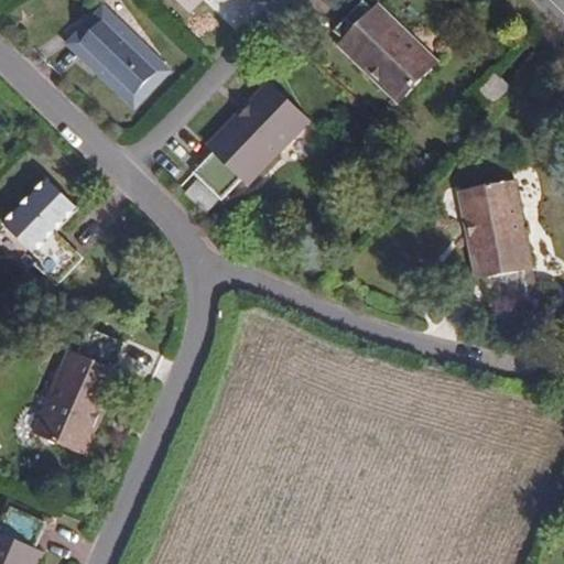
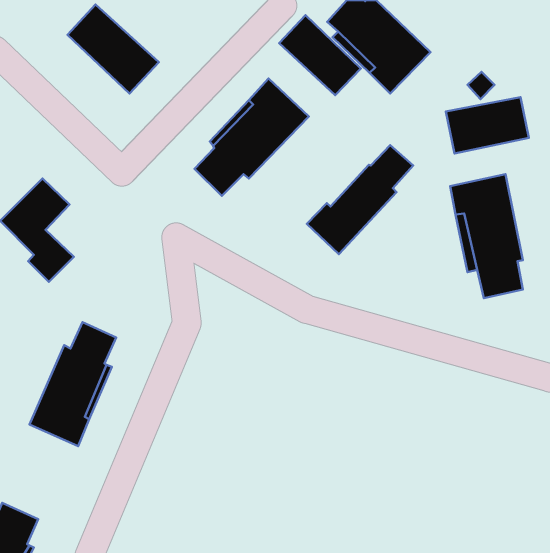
building: none -> [279,15,361,95]
building: none -> [446,97,529,154]
building: none -> [307,145,413,254]

